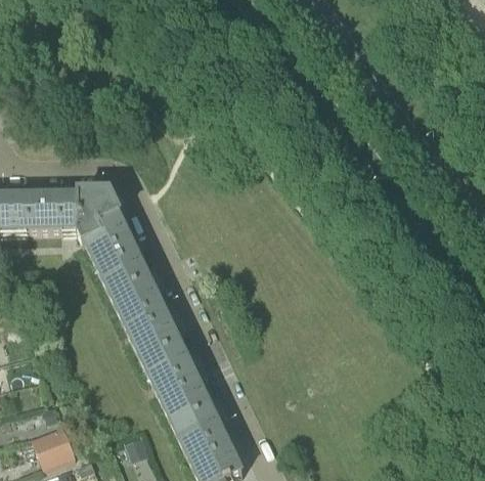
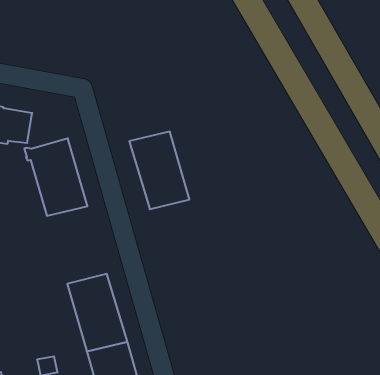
building: [79,190,121,229] -> none
building: [111,277,180,358] -> [129,132,189,209]

